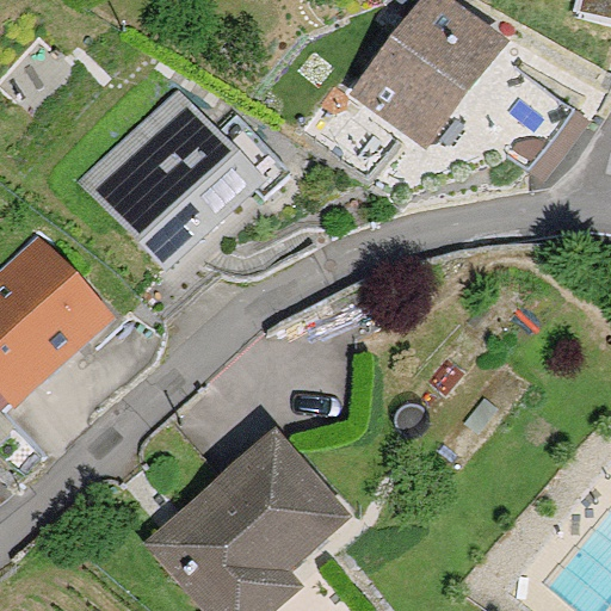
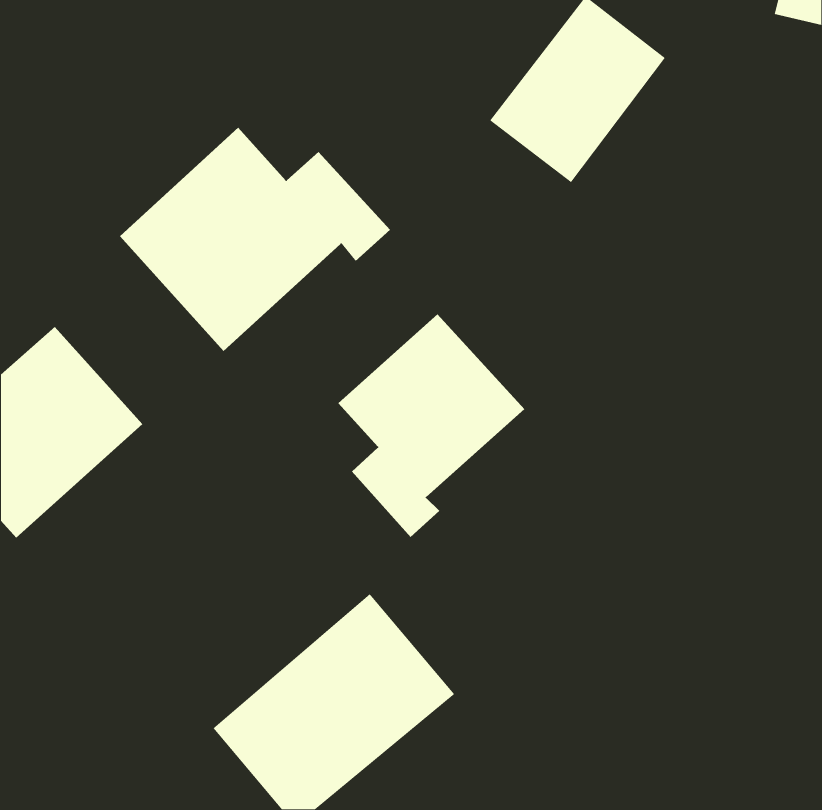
building: none -> [338,313,525,538]

